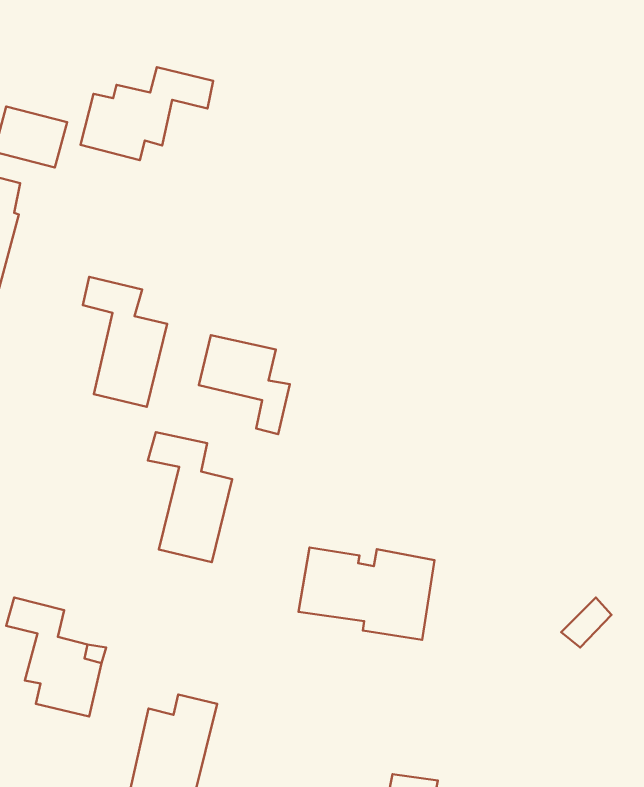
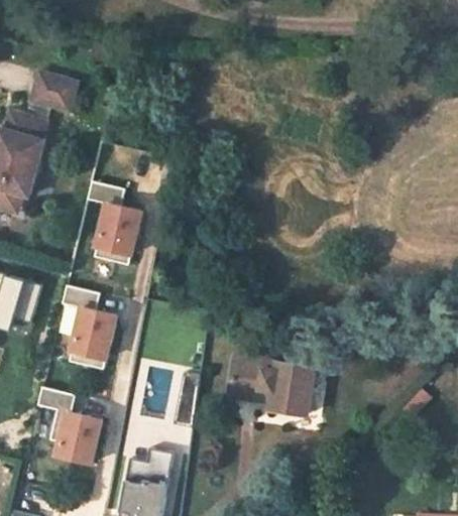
building: [80,67,213,160] -> none
building: [199,335,290,434] -> none
building: [148,432,232,562] -> [63,286,117,370]

